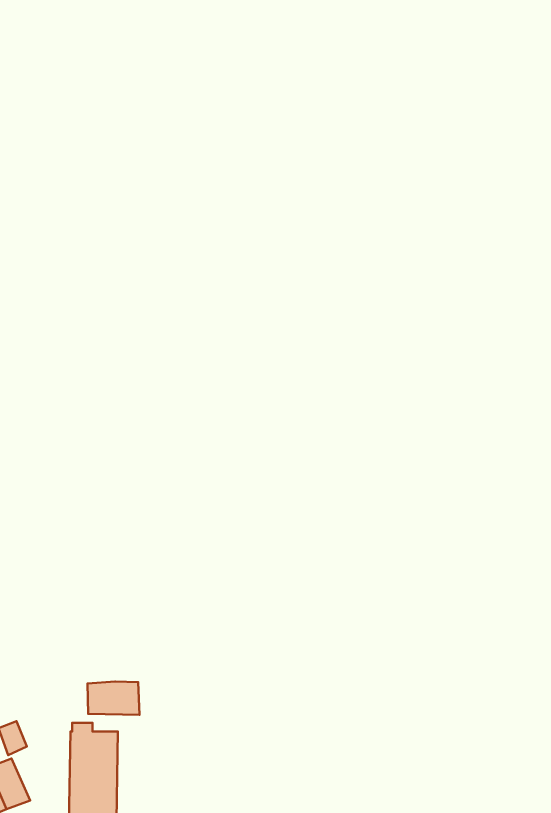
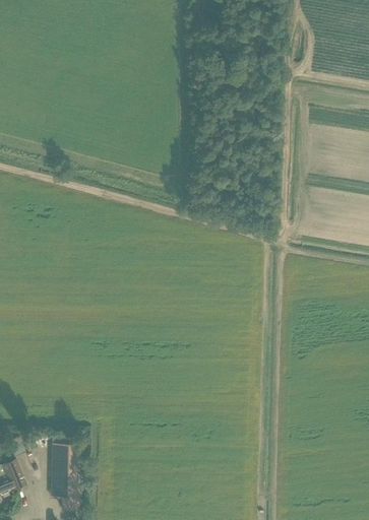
building: [87,682,140,715] -> none

